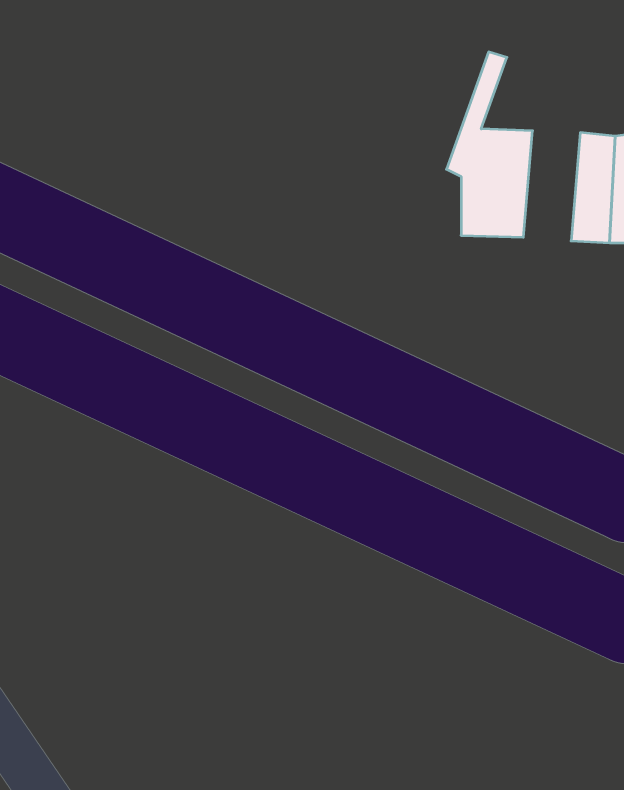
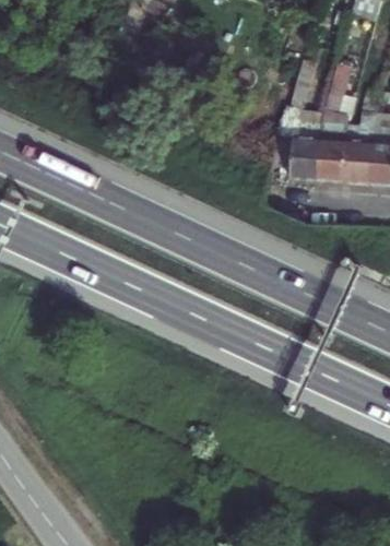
building: none -> [323,72,357,180]

